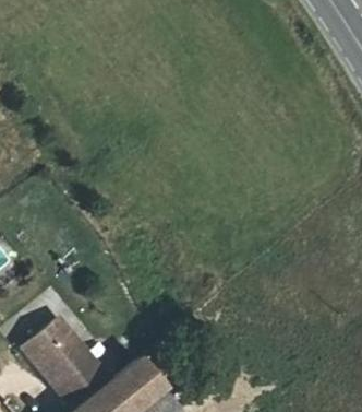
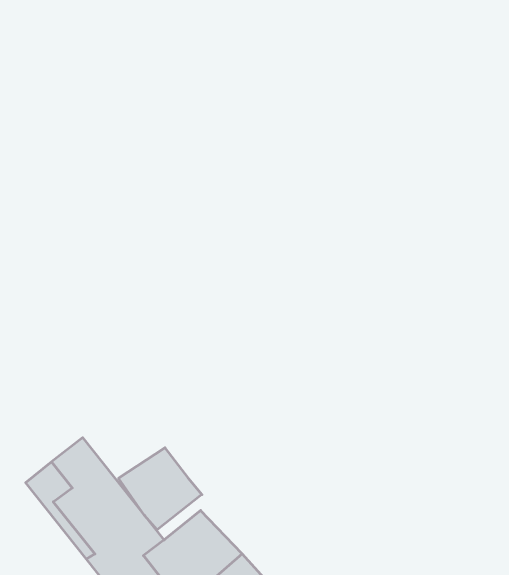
building: none -> [119,448,202,530]

